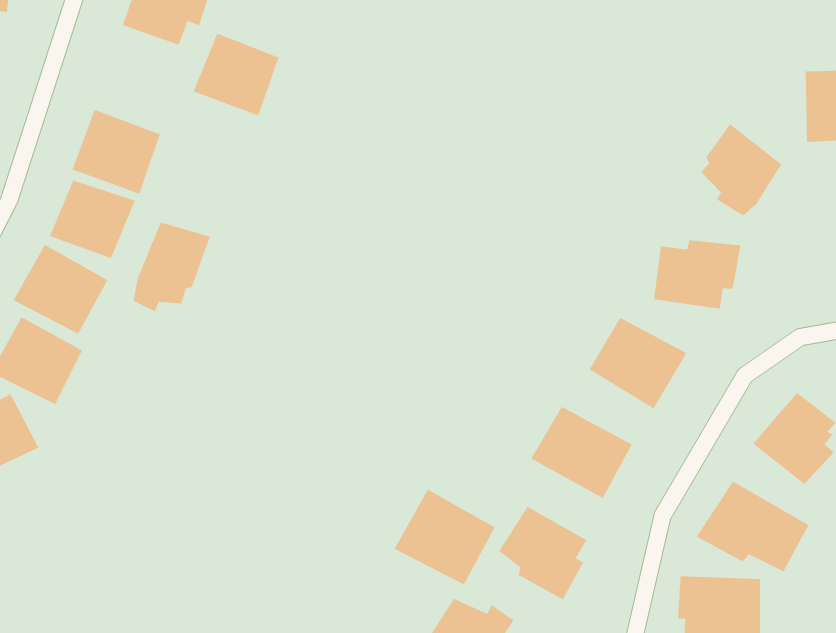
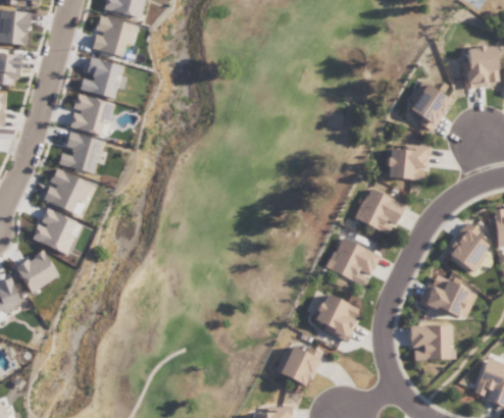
building: [192,33,279,117] -> [79,55,124,99]
building: [132,221,211,313] -> none
building: [394,489,496,586] -> none

